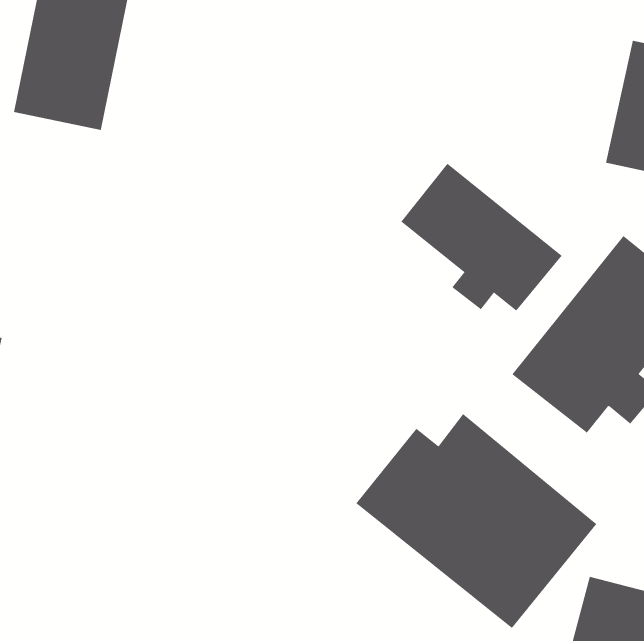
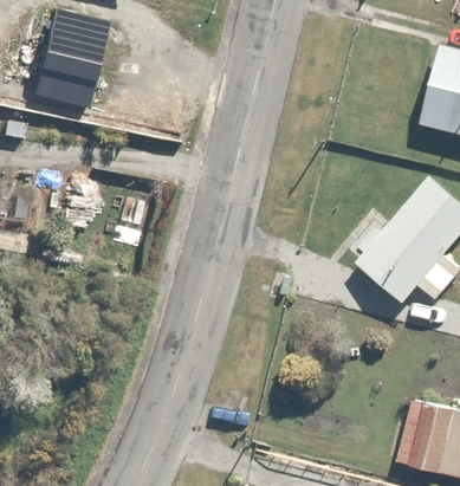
building: [401,163,562,311] -> none
building: [355,413,597,629] -> none

